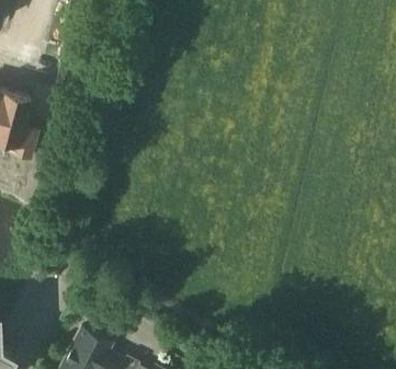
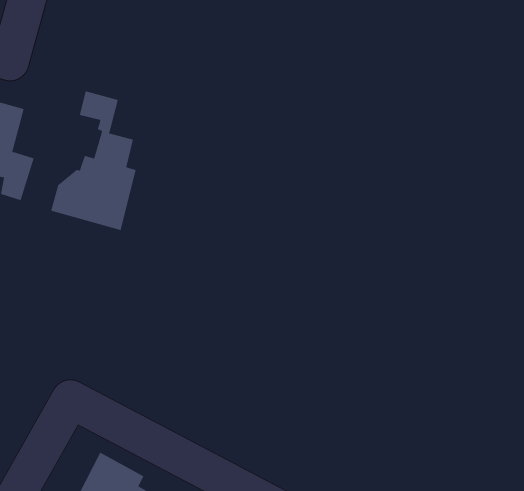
building: none -> [50,91,136,231]

